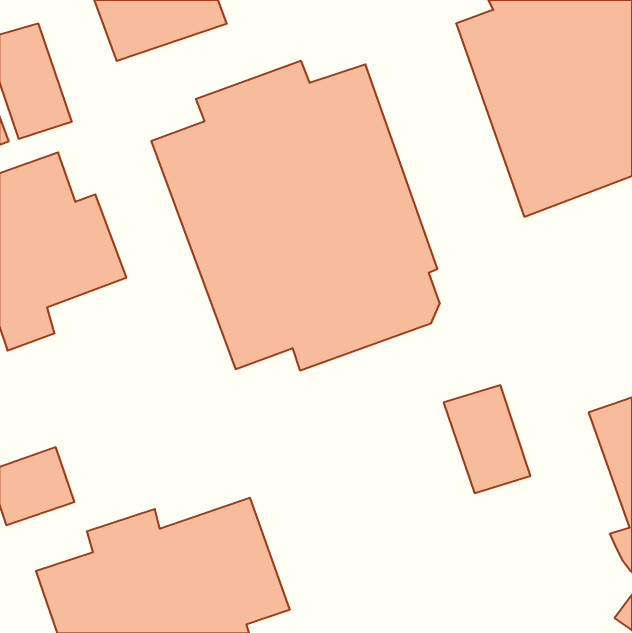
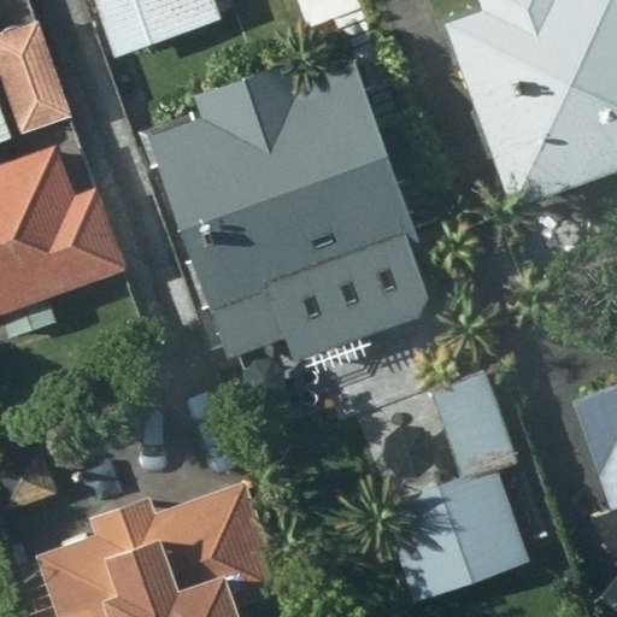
building: none -> [380,471,530,604]

